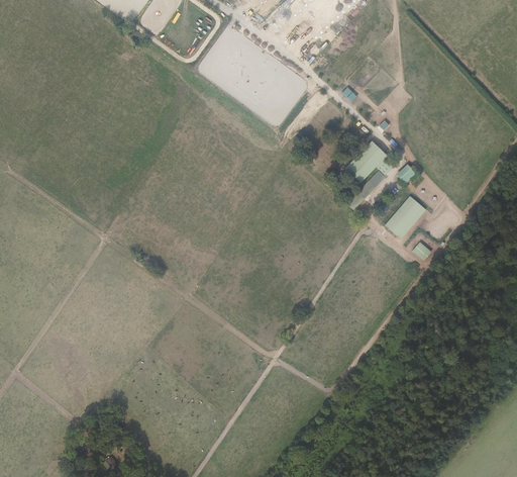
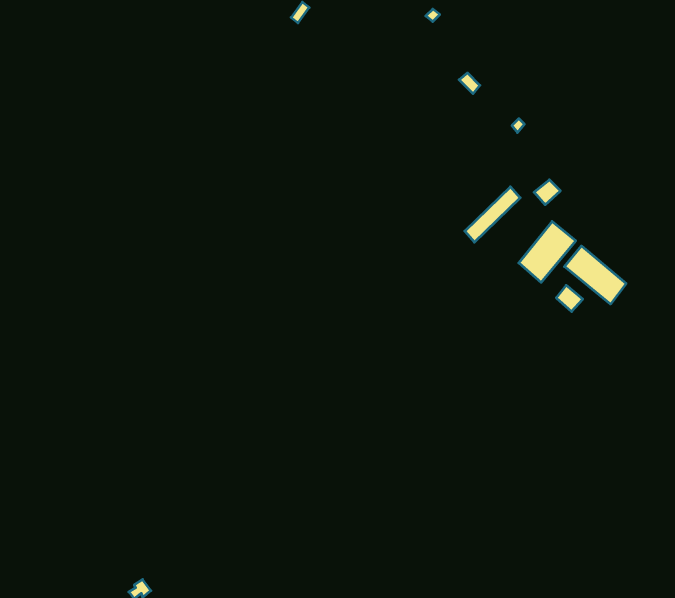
building: none -> [564,246,626,304]

